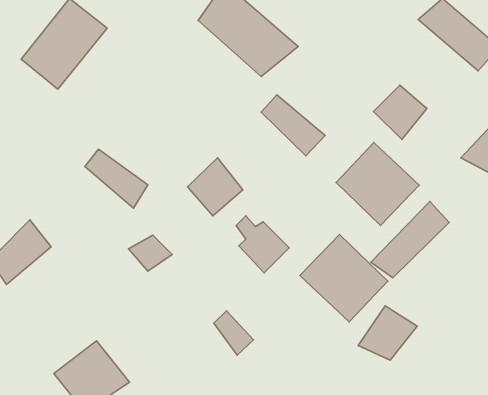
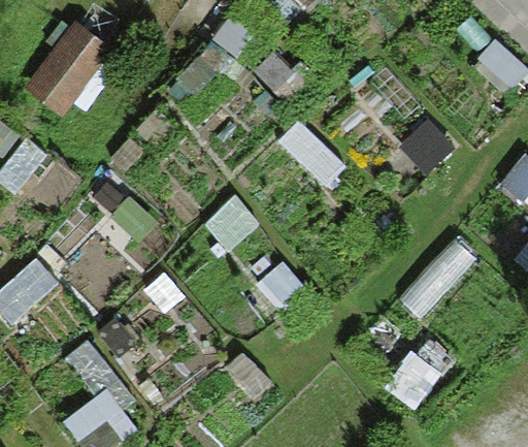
building: [336,143,419,225] -> none
building: [300,234,388,322] -> none

